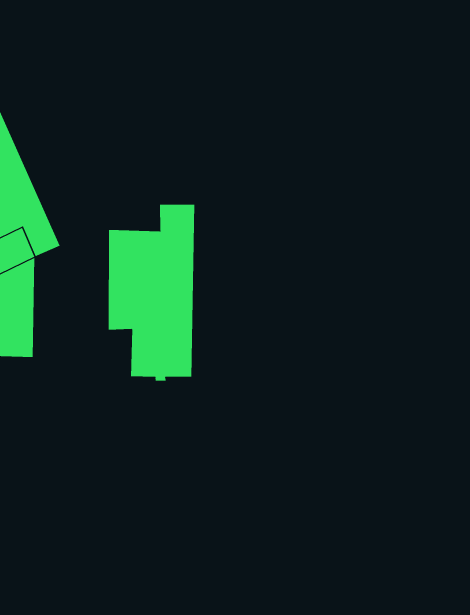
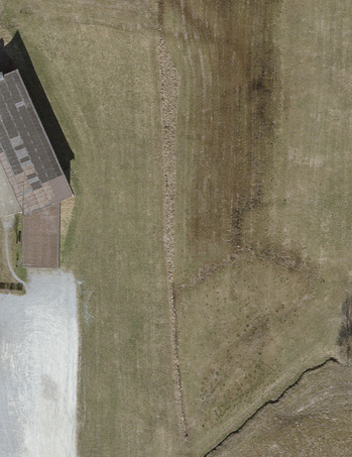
building: [108,204,195,382] -> none

